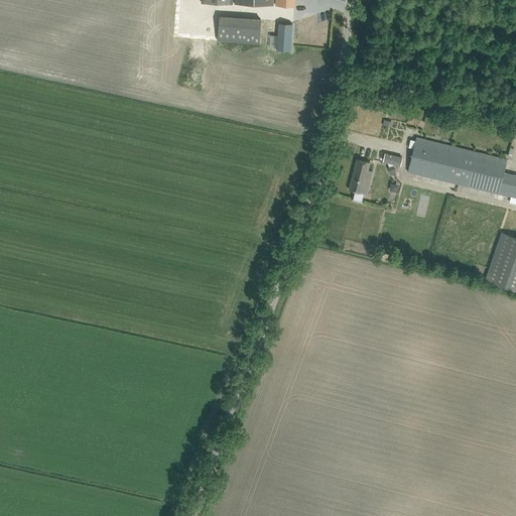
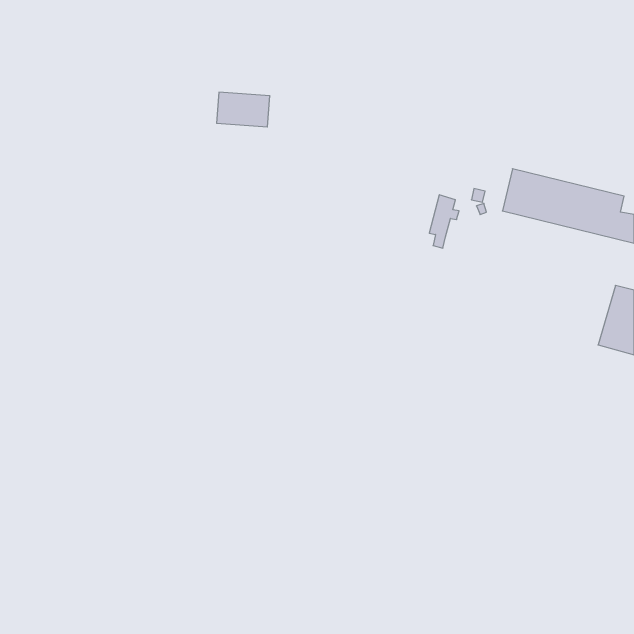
building: [218,16,261,44] -> [217,92,270,127]
building: [276,23,292,50] -> none

